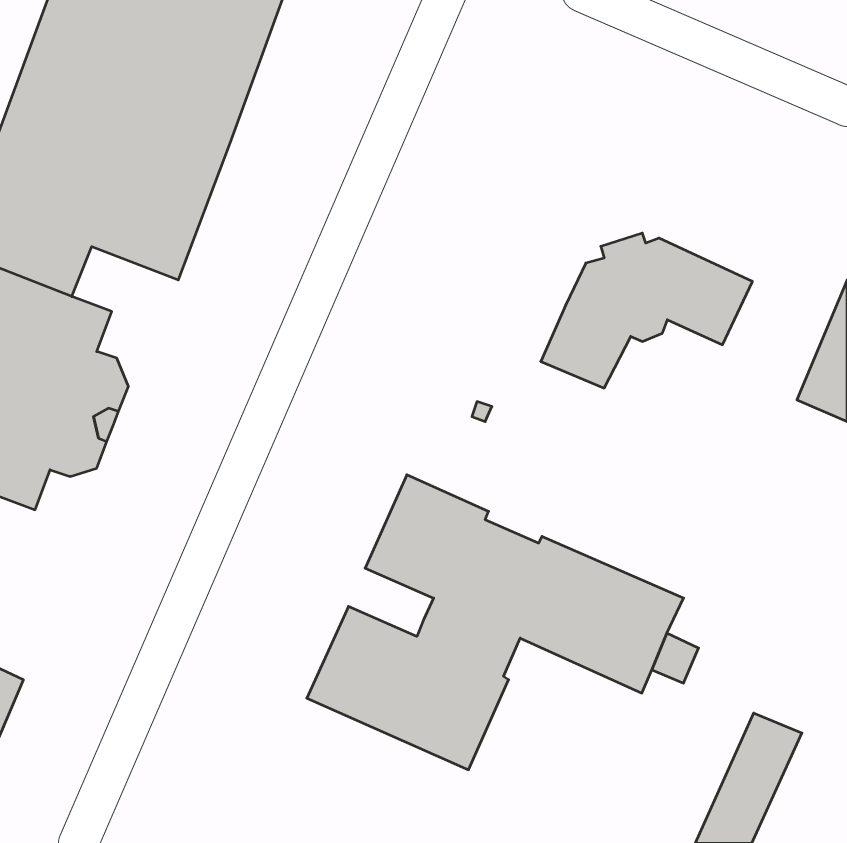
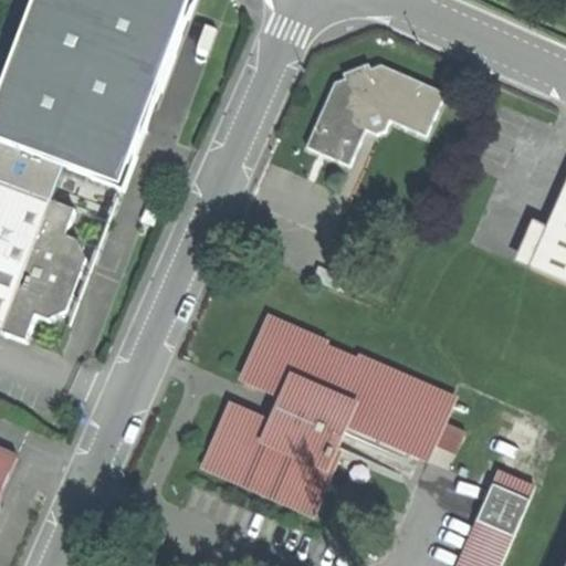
building: [541,233,752,388] -> [303,60,443,163]

